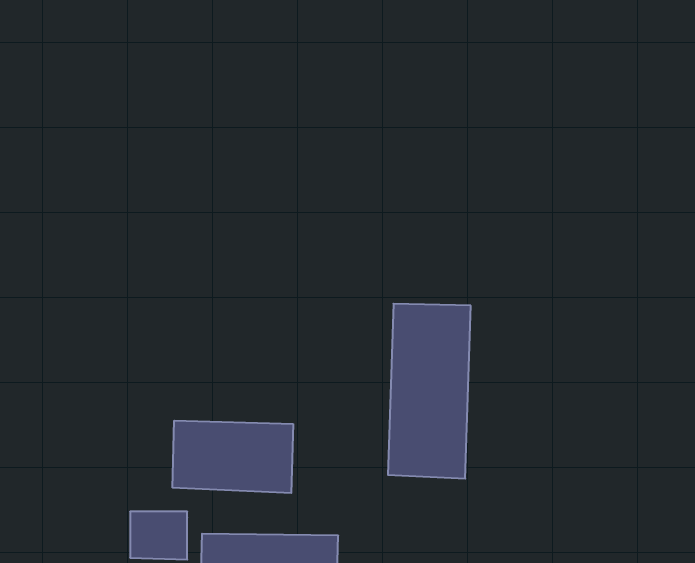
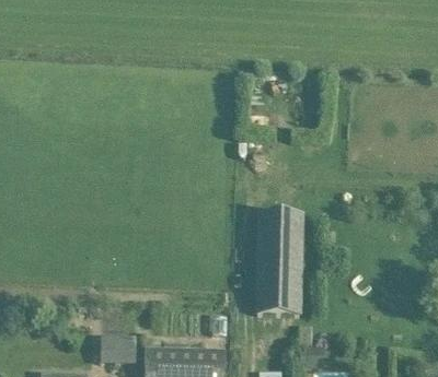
building: [173,421,293,493] -> none

